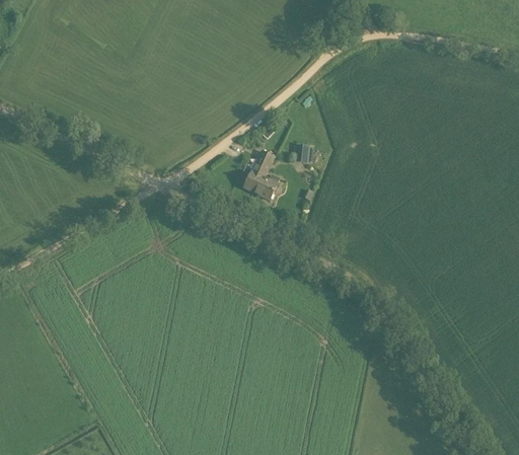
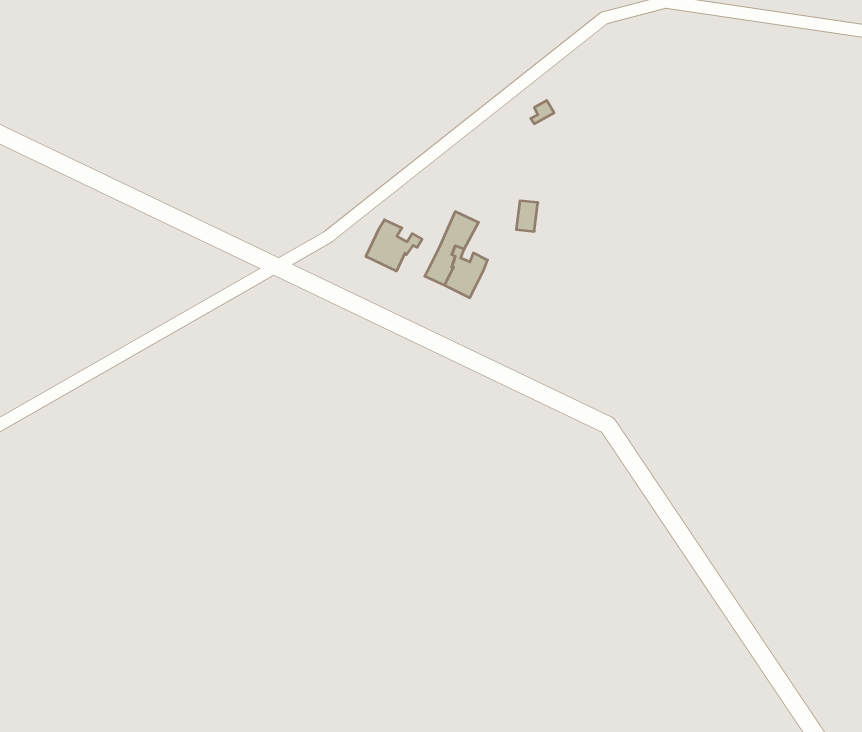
building: none -> [366,220,422,271]

